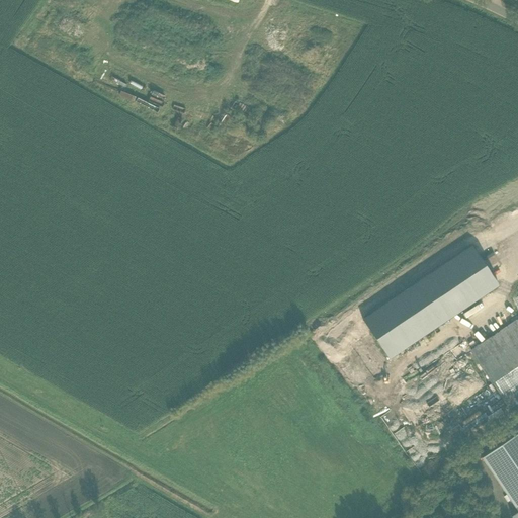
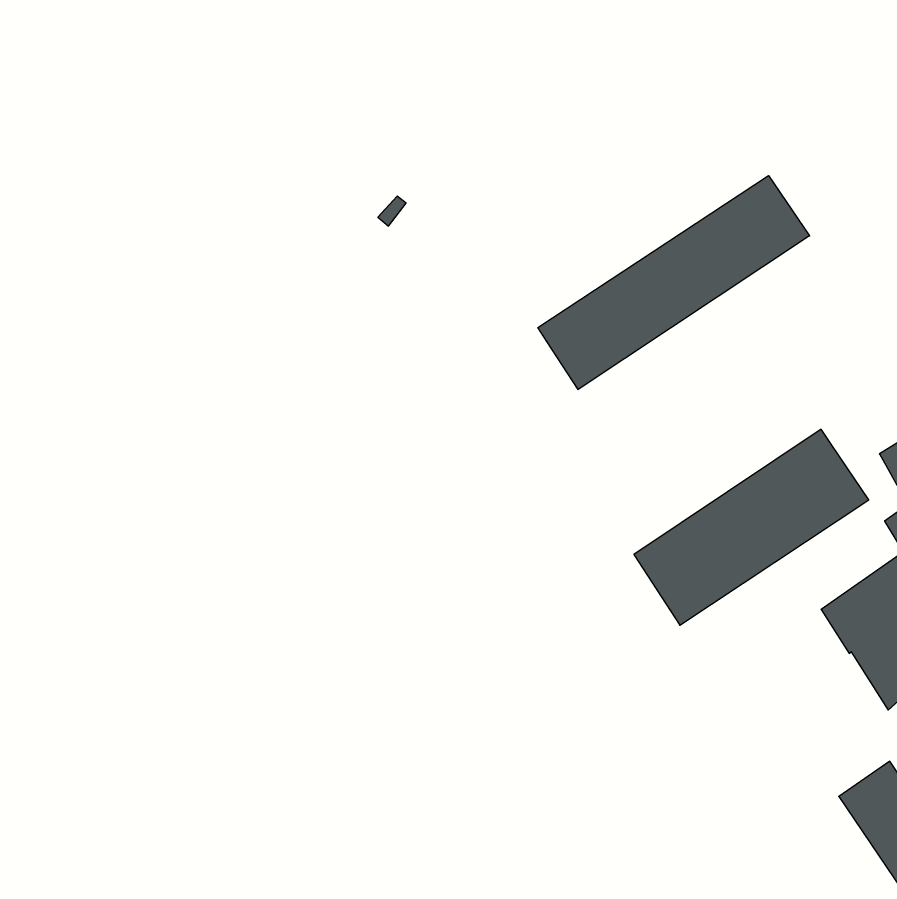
building: none -> [538,176,810,390]

